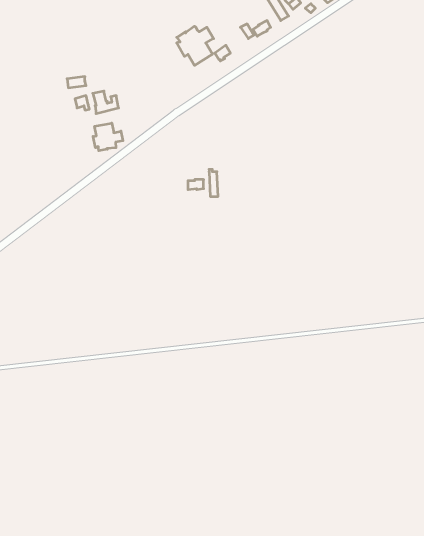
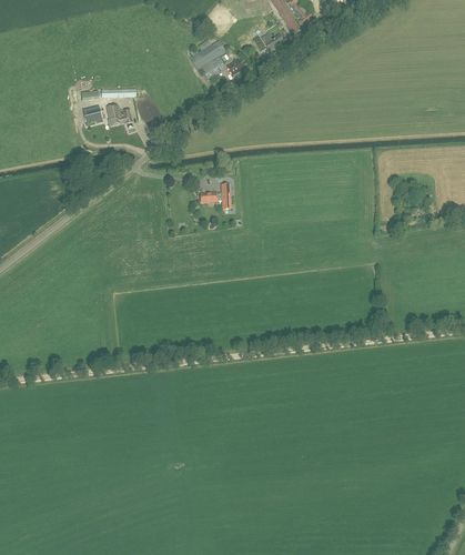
building: [93,123,123,151] -> none

